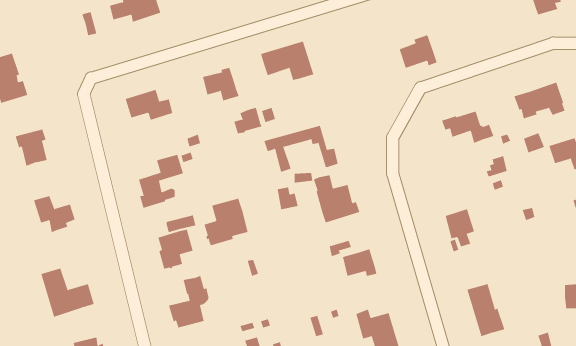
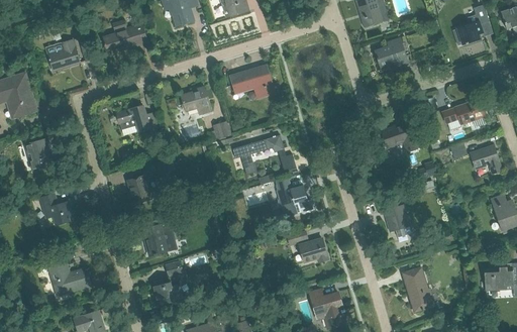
building: none -> [45,38,80,71]
building: [399,35,438,68] -> [375,38,407,67]
building: [204,198,248,246] -> none

